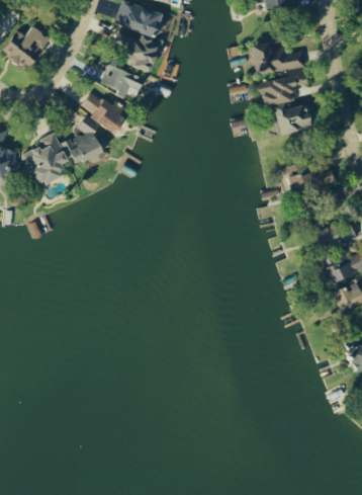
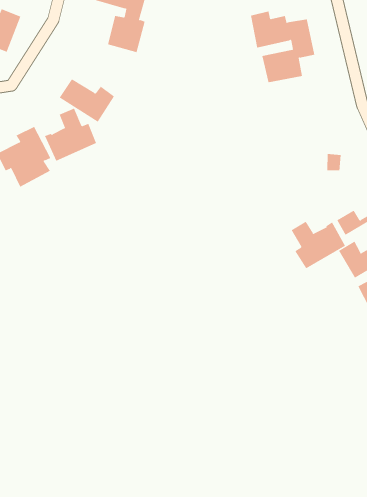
building: [96,55,141,98] -> none
building: [274,104,313,136] -> none
building: [284,164,306,196] -> none
building: none -> [291,221,346,269]

